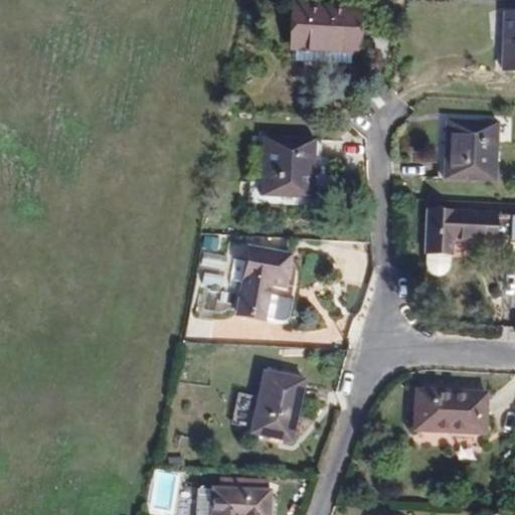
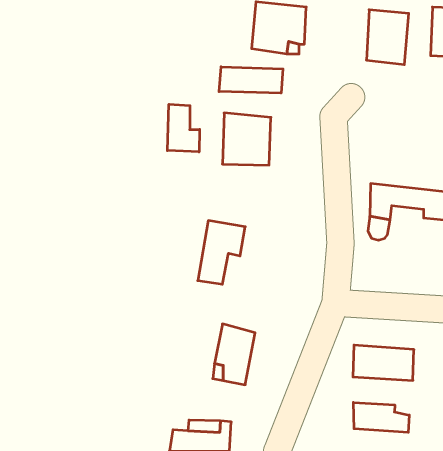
building: none -> [219,67,283,93]
building: [452,115,500,177] -> [366,10,409,65]
building: none -> [167,104,200,152]
building: none -> [353,402,409,432]

